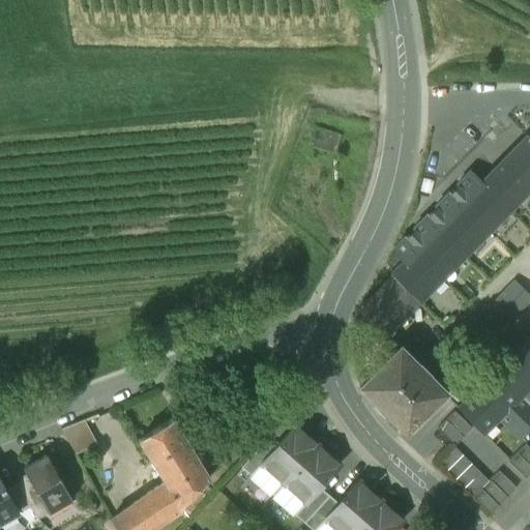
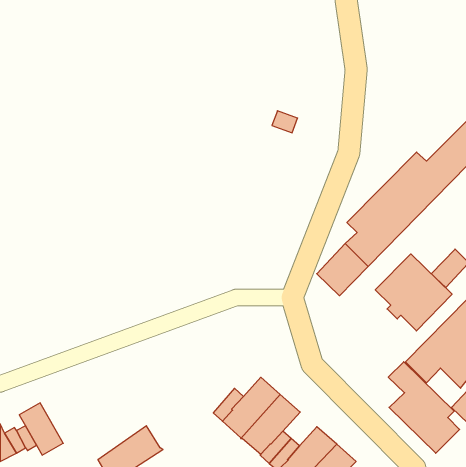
building: [361,348,448,435] -> [375,254,452,331]
building: [142,420,212,507] -> none
building: [62,422,98,457] -> none

